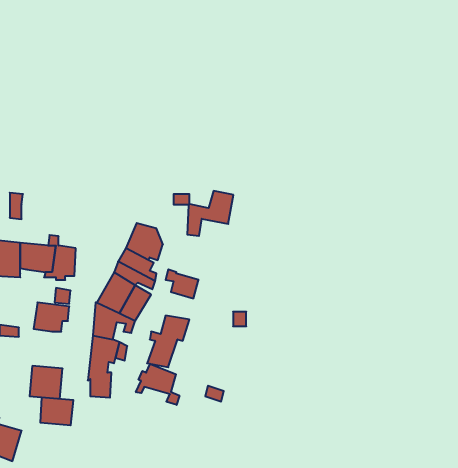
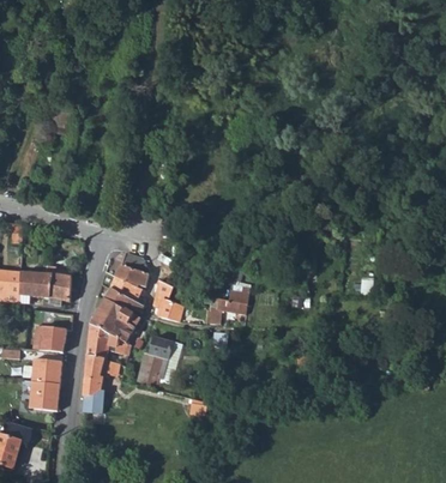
building: [187,191,233,236] -> [209,285,251,326]
building: [136,364,179,405] -> none
building: [40,397,73,425] -> [31,360,61,385]

